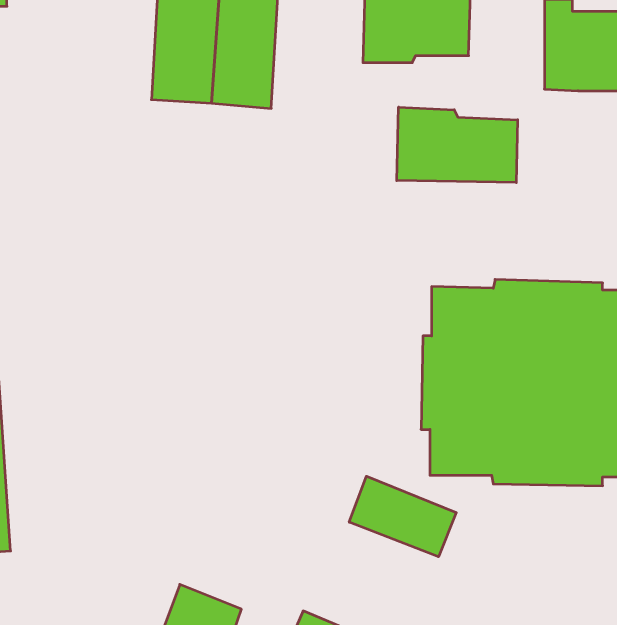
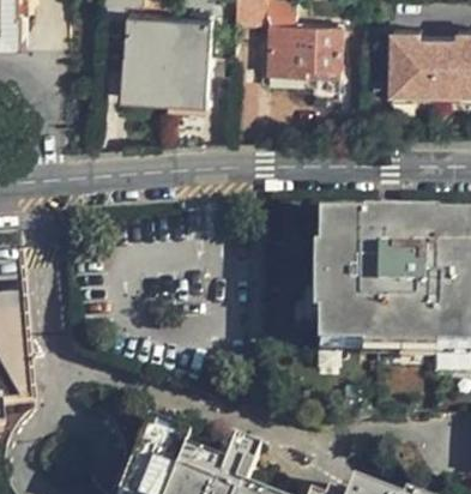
building: [397,107,518,183] -> none
building: [349,476,456,557] -> none

